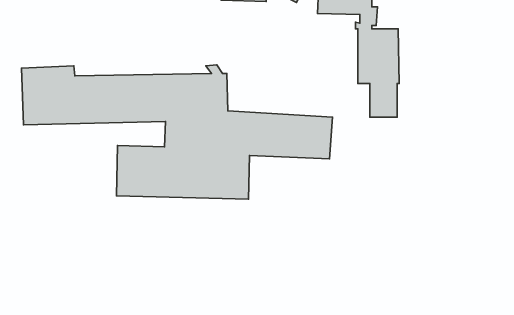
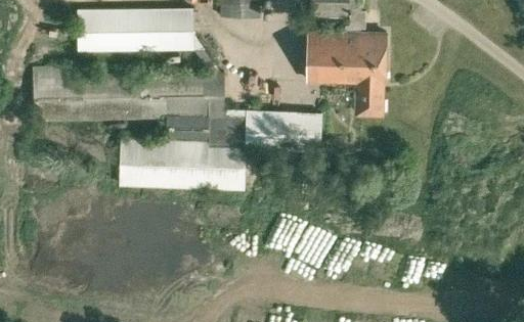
building: none -> [76,9,204,53]
building: none -> [307,32,346,83]

